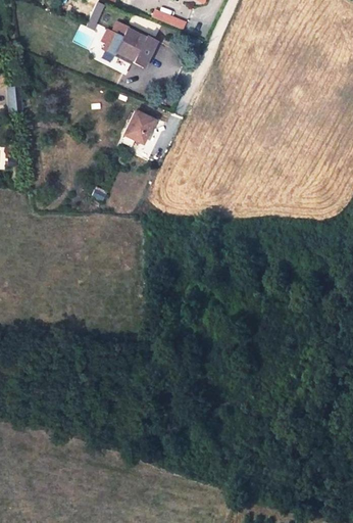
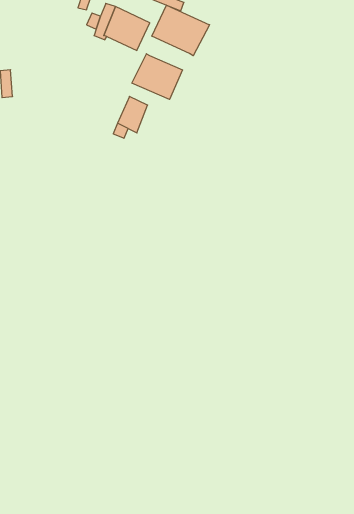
building: none -> [152,5,210,56]
building: none -> [132,54,183,99]

